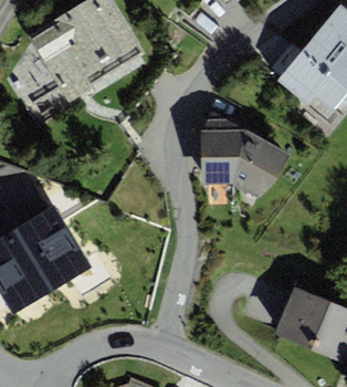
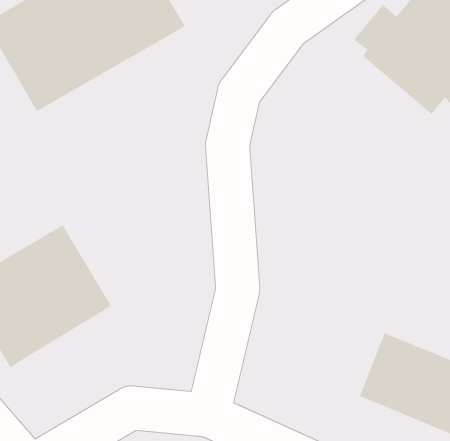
building: [201,109,290,198] -> none

